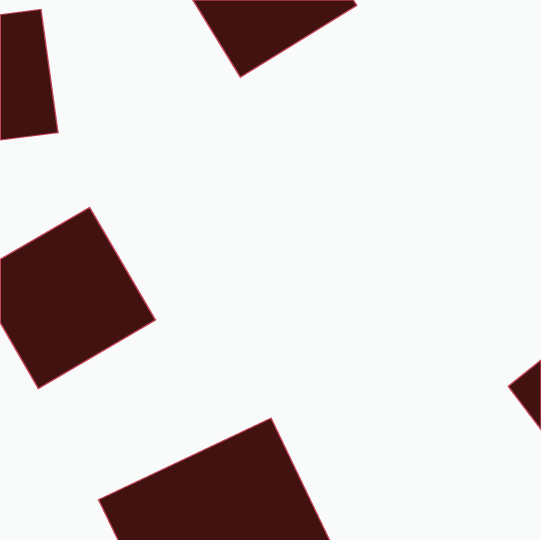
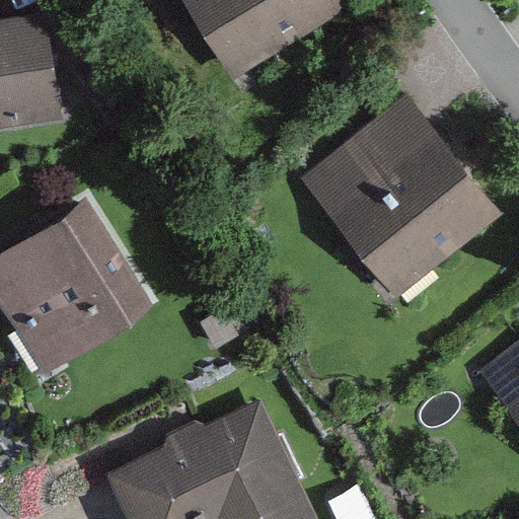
building: none -> [304,98,496,293]

